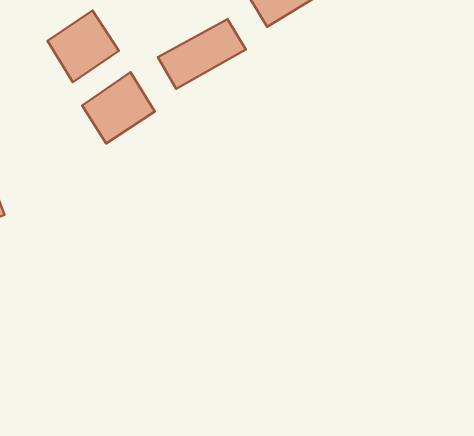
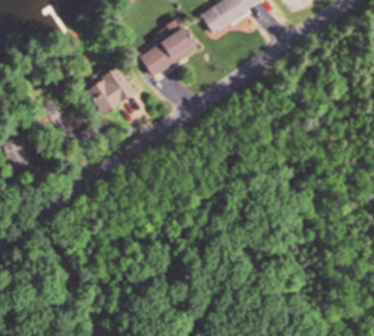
building: [48,11,119,82] -> none

